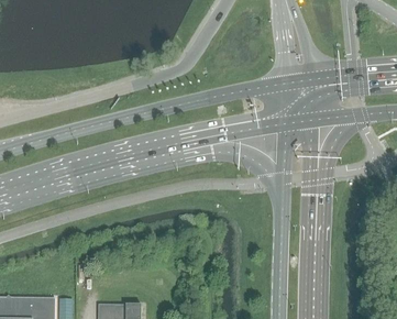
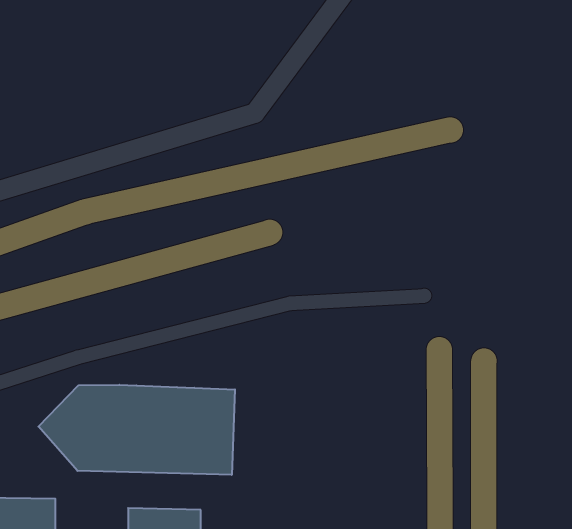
building: none -> [38,385,235,475]

